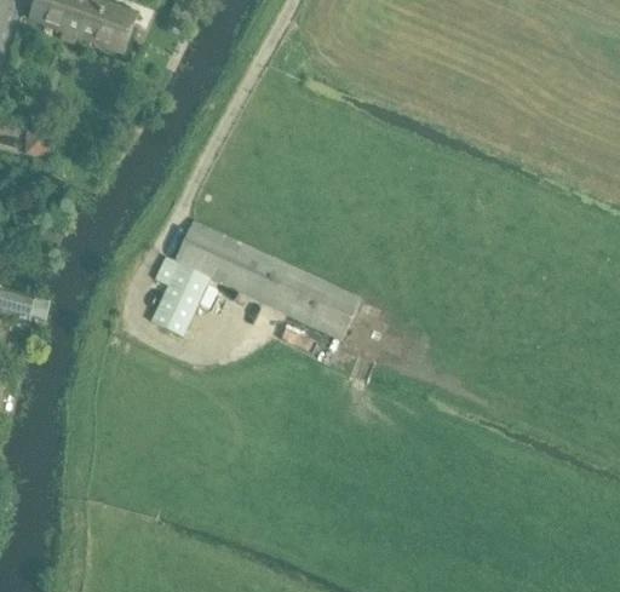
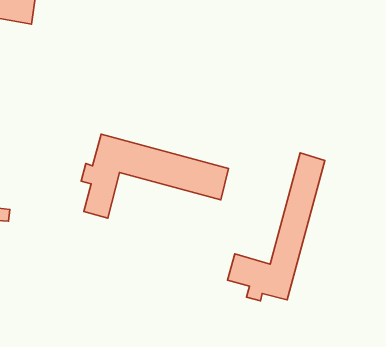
building: none -> [228,153,325,301]

